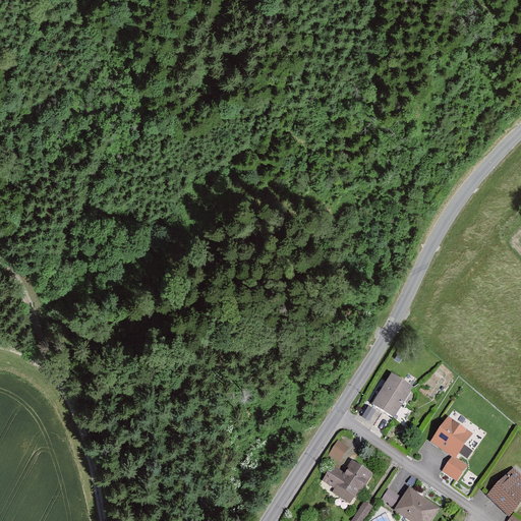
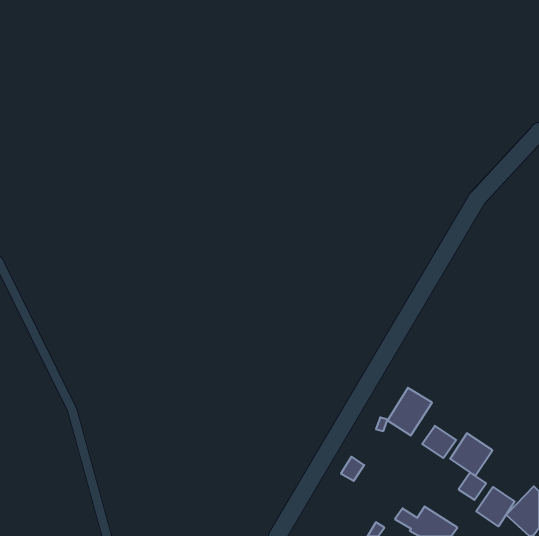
building: none -> [422,426,456,458]
building: [324,458,375,503] -> none
building: none -> [476,487,515,526]

